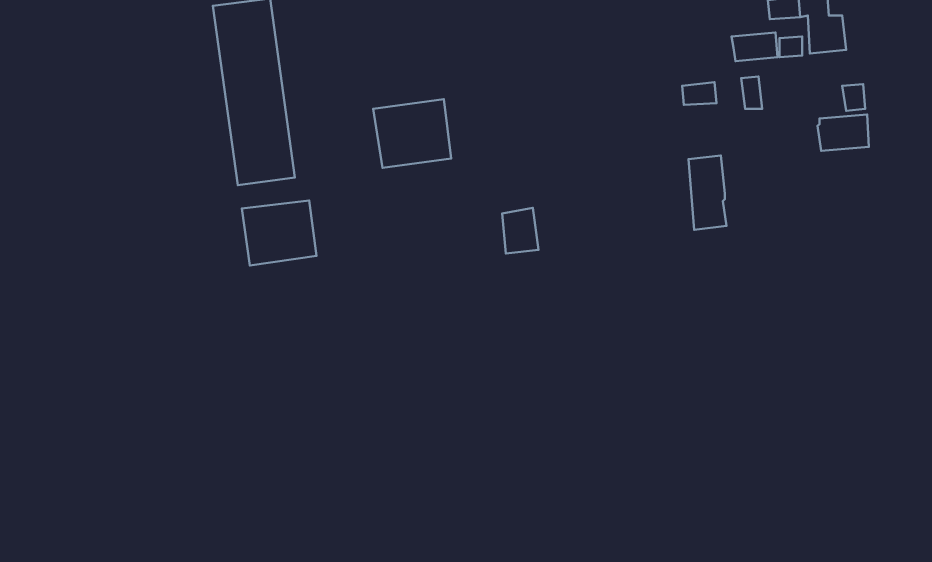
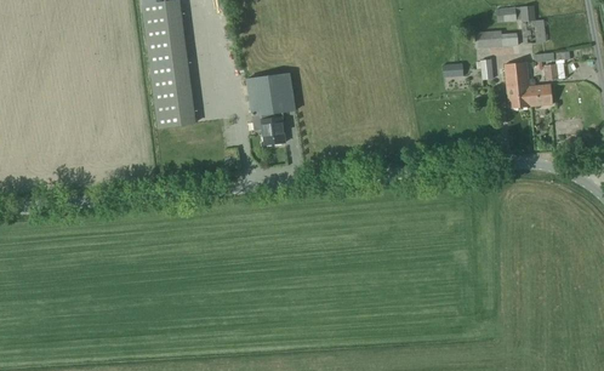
building: [688,155,727,230] -> [506,61,530,108]
building: [242,200,317,265] -> none
building: [502,208,538,253] -> [262,115,285,144]

